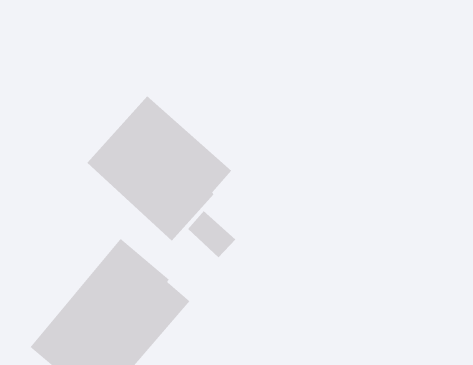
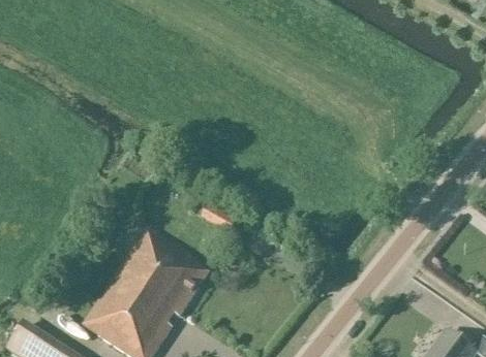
building: [86,96,232,241] -> none

